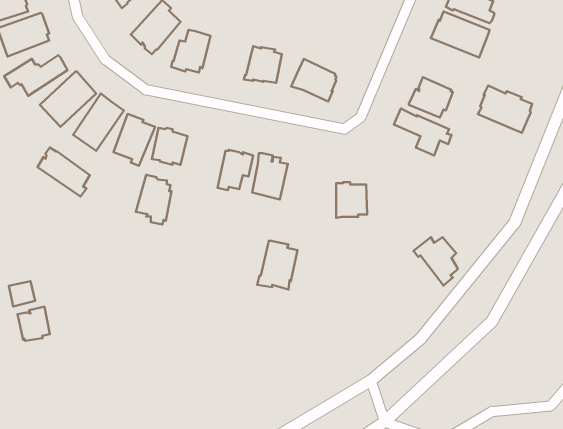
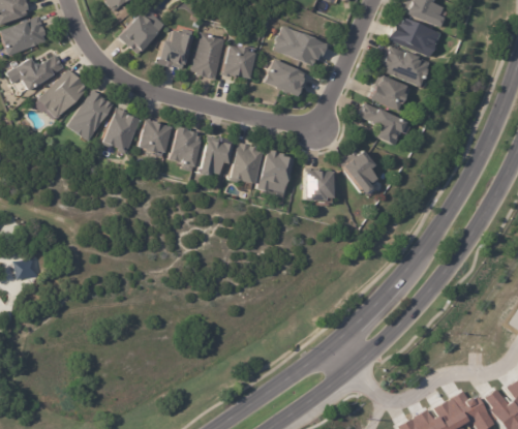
building: none -> [272,26,326,66]
building: none -> [192,32,225,80]
building: [478,85,532,133] -> [383,45,431,88]
building: [38,148,90,197] -> none
building: [136,175,172,224] -> [169,127,201,172]
building: [414,237,457,286] -> [335,150,374,193]
building: [257,241,298,289] -> [256,150,293,193]
building: [18,307,50,341] -> none

